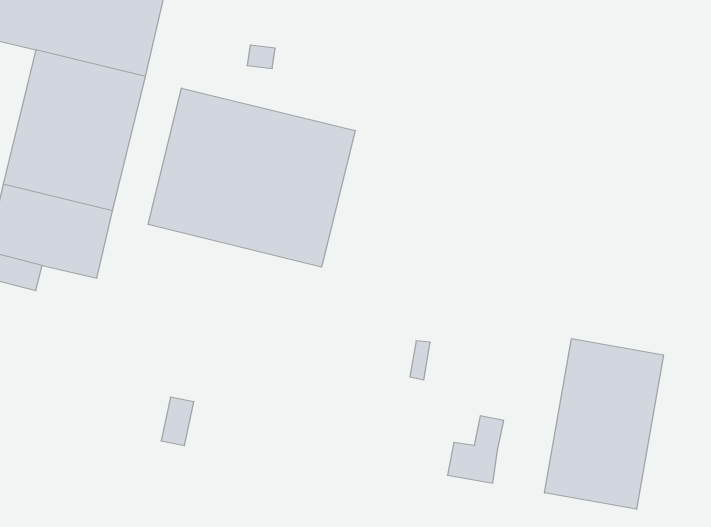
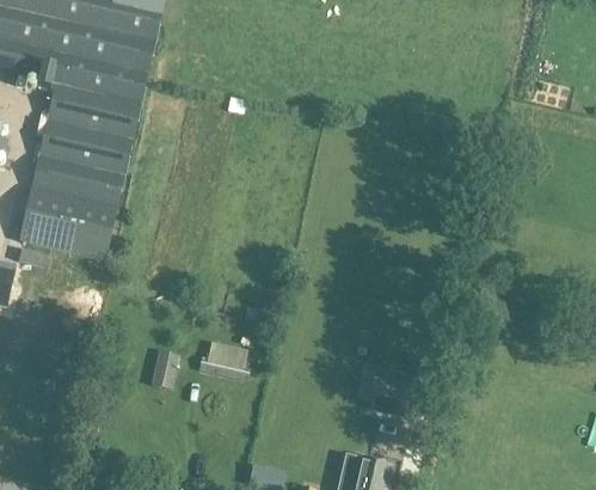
building: [148,88,355,267] -> none
building: [545,339,664,509] -> none
building: none -> [198,339,250,376]

